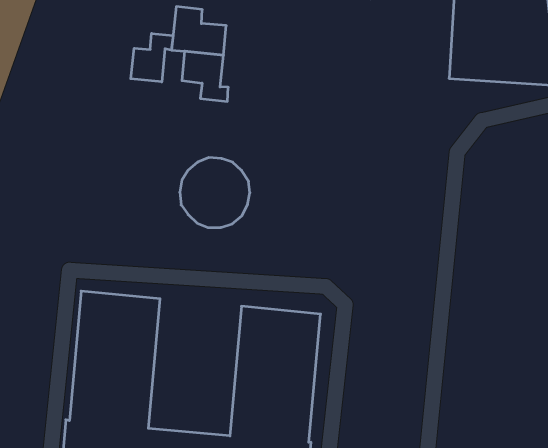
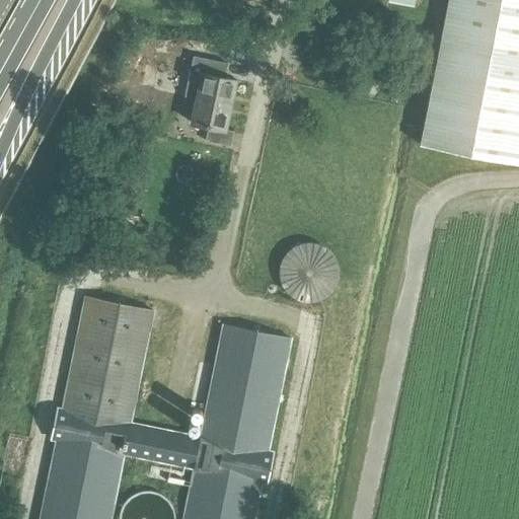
building: [131,33,173,82] -> none
building: [180,158,250,228] -> [279,245,340,307]

